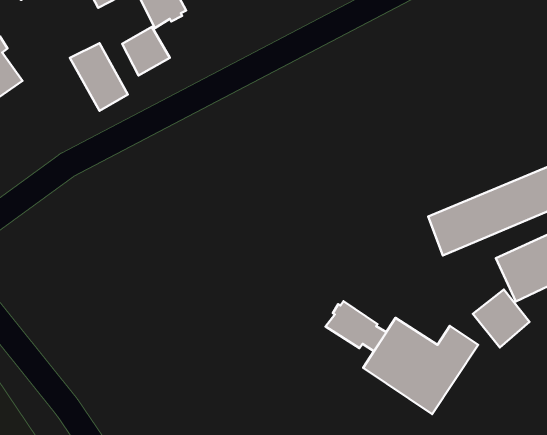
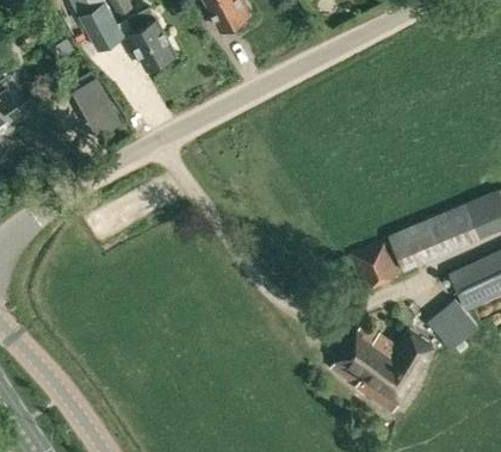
building: [122,27,170,76] -> none
building: none -> [350,240,400,289]
building: [325,301,386,351] -> none

